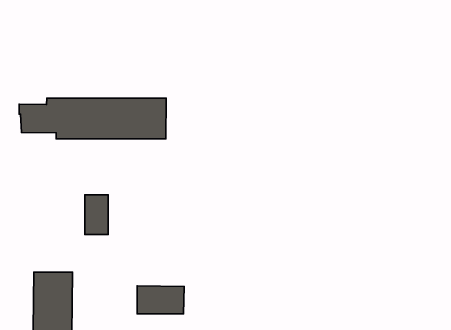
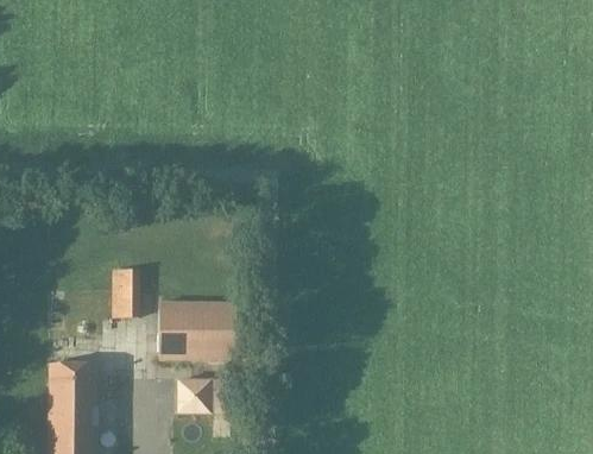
building: [19,98,166,139] -> none
building: none -> [160,301,238,360]

